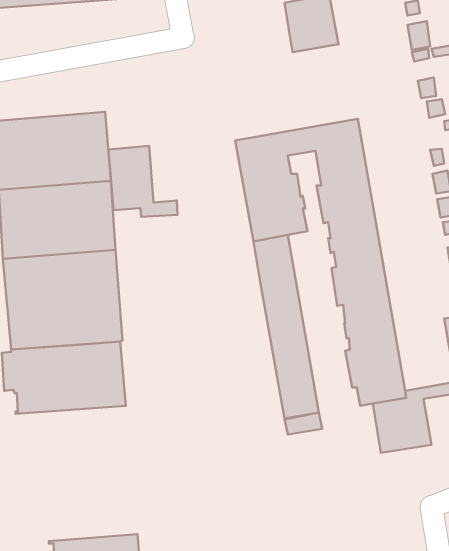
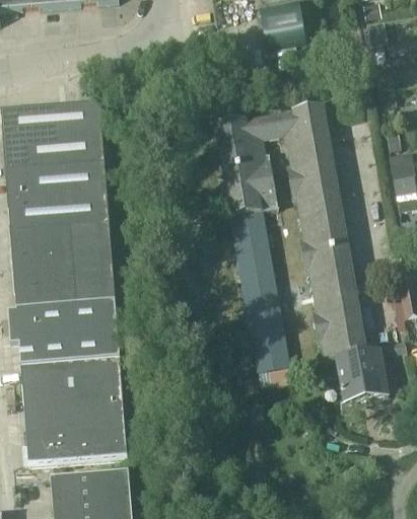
building: [108,146,178,217] -> none
building: none -> [21,359,126,463]

